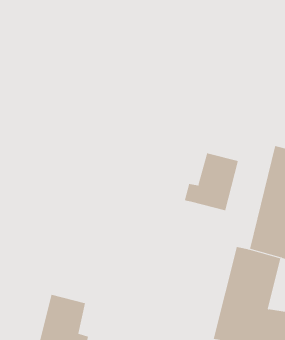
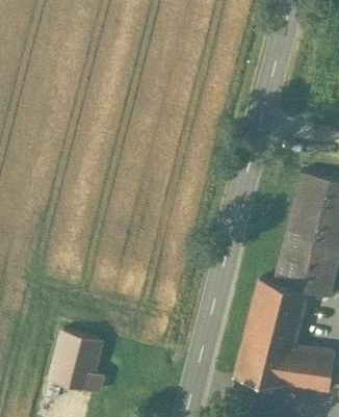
building: [184,152,238,211] -> none

